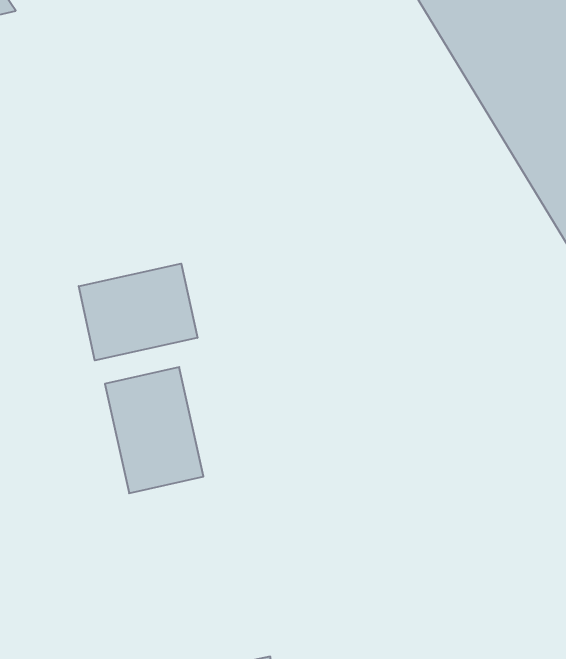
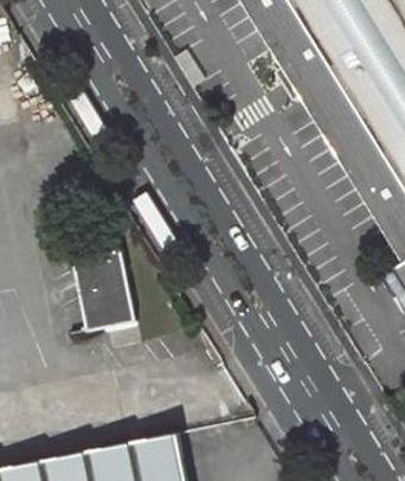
building: [79,264,197,360] -> none

